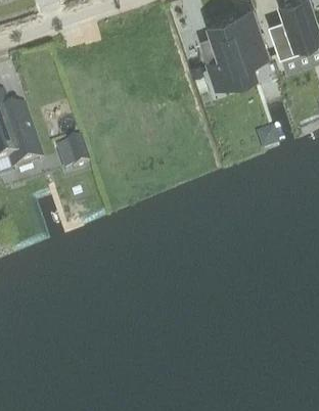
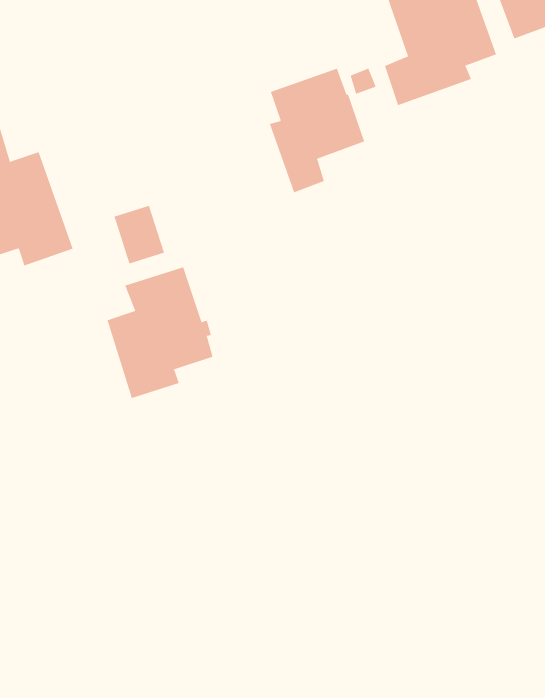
building: none -> [269,68,365,193]
building: none -> [107,266,213,399]

